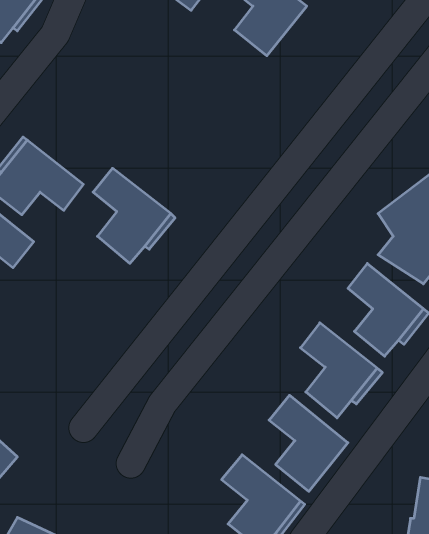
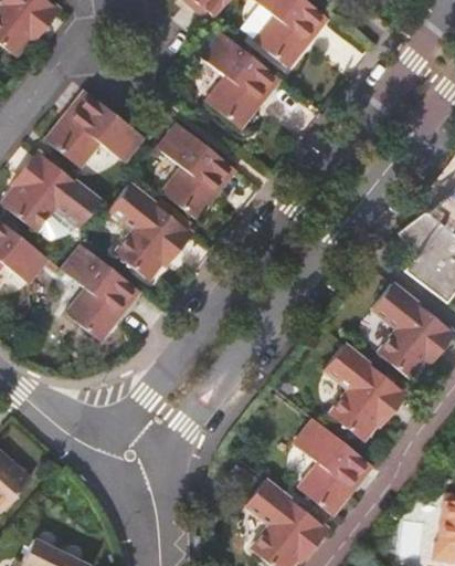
building: none -> [202,32,282,129]
building: none -> [47,91,146,169]
building: none -> [158,123,237,220]
building: none -> [62,244,142,342]

